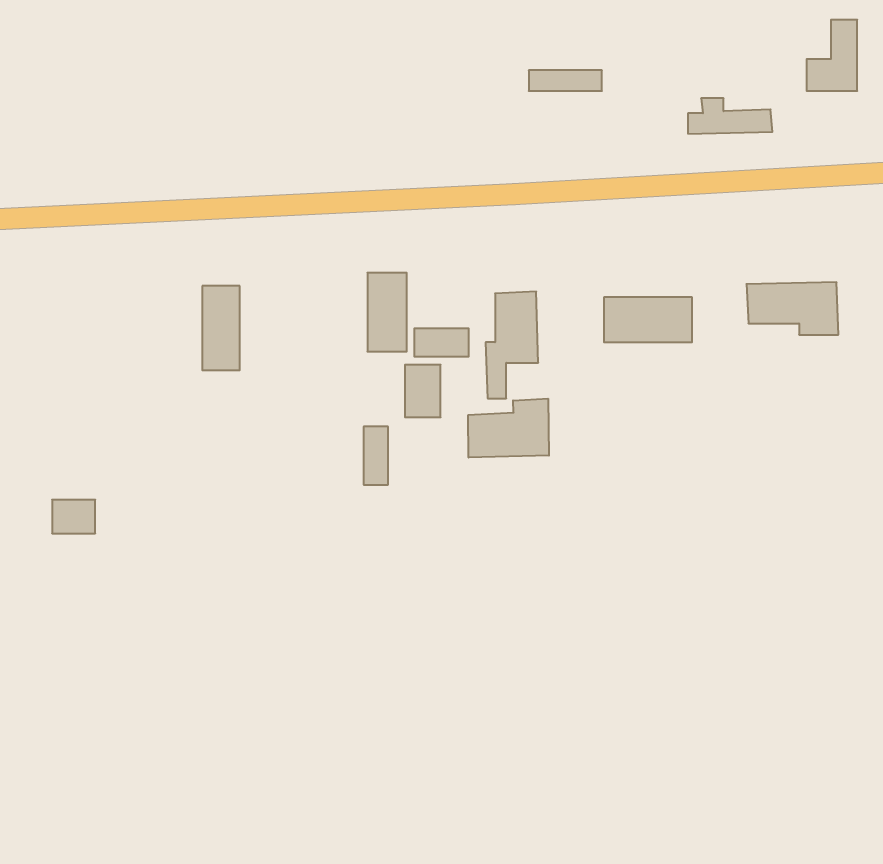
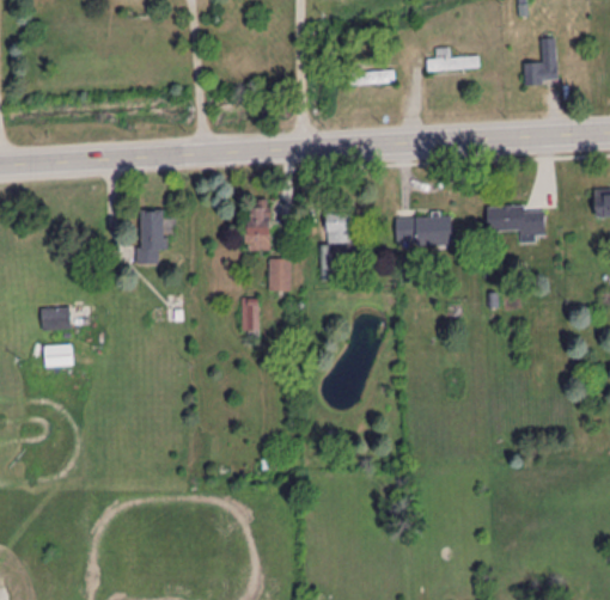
building: [688,98,772,134] -> [427,48,481,71]
building: [414,328,469,357] -> none
building: [468,399,549,458] -> none
building: none -> [41,307,71,330]

